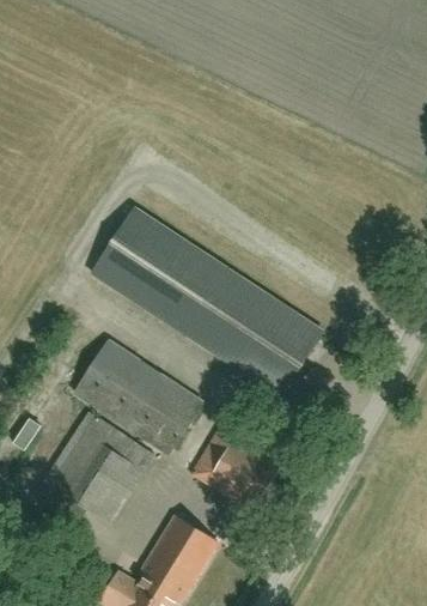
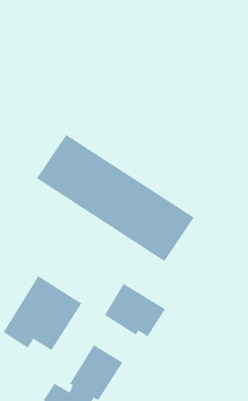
building: [72,338,202,454] -> none

